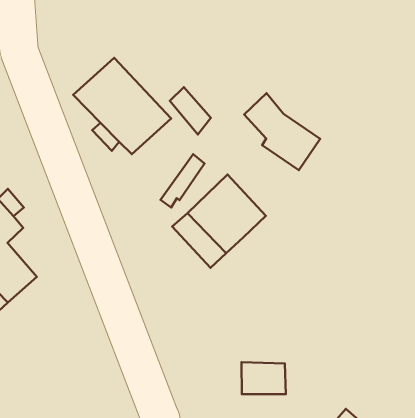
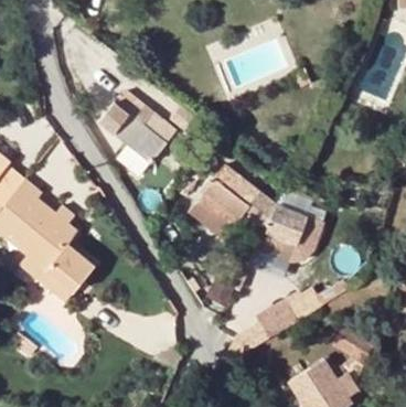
building: [244,93,320,170] -> [245,191,306,245]

